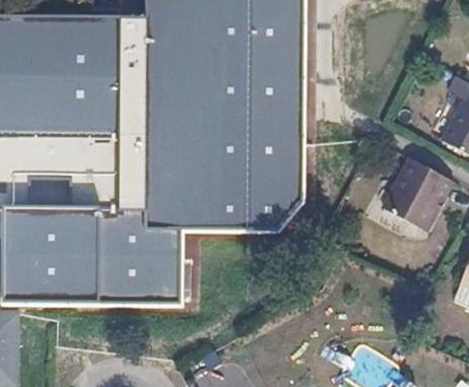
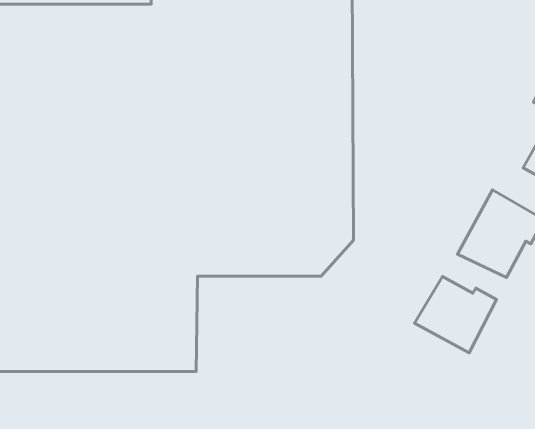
building: none -> [414,276,496,353]

